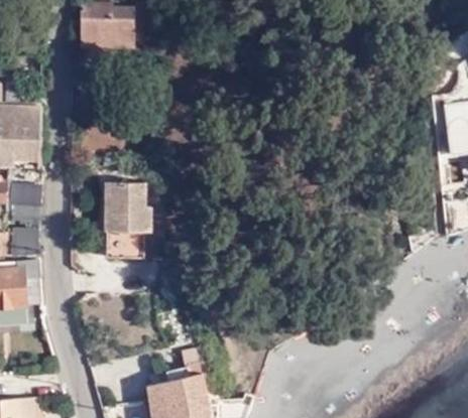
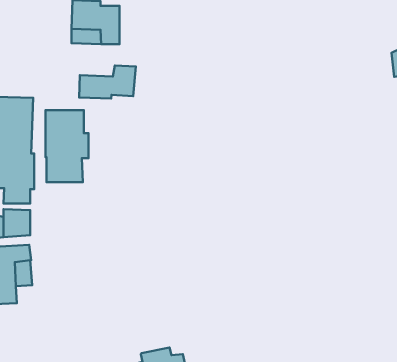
building: none -> [79,65,136,99]
building: [106,181,151,257] -> [45,110,89,182]

